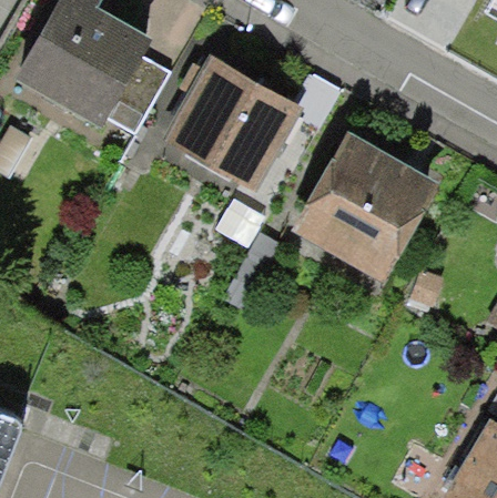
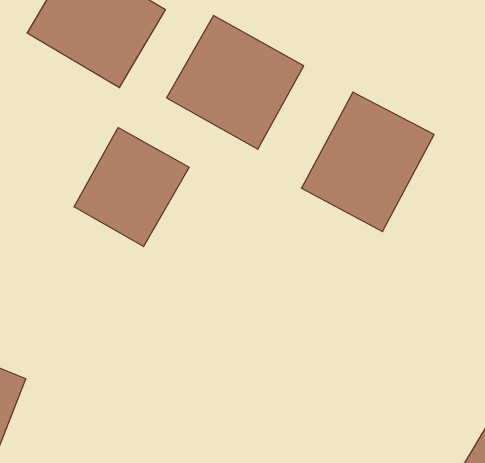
building: none -> [74,128,189,247]

